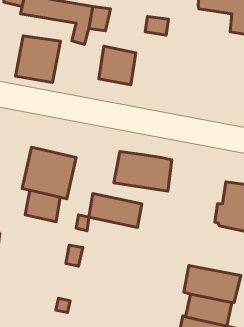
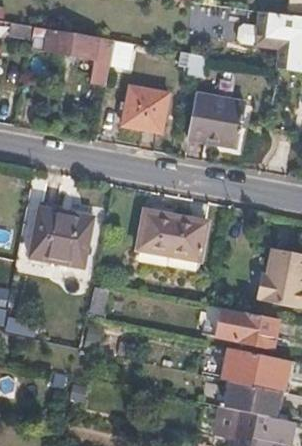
building: [15,36,61,82] -> none
building: none -> [188,96,244,147]
building: [25,190,60,222] -> none
building: [89,194,142,227] -> [216,307,279,347]

